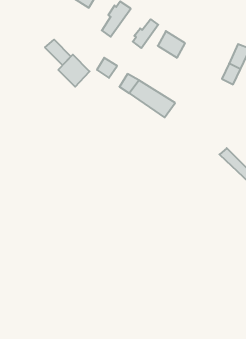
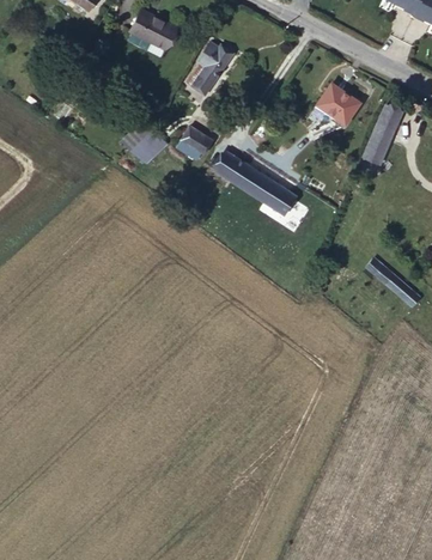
building: [133,19,158,48] -> none
building: [158,31,185,58] -> [316,89,357,128]
building: [45,40,71,65] -> none

